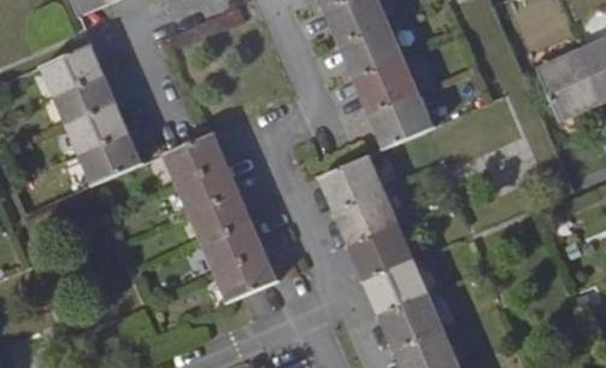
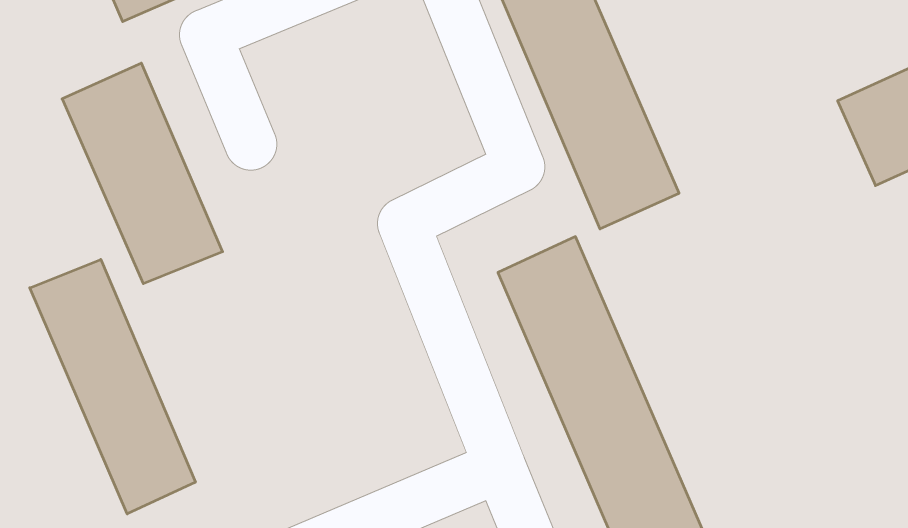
building: [163,132,277,302] -> none
building: none -> [30,259,195,514]

